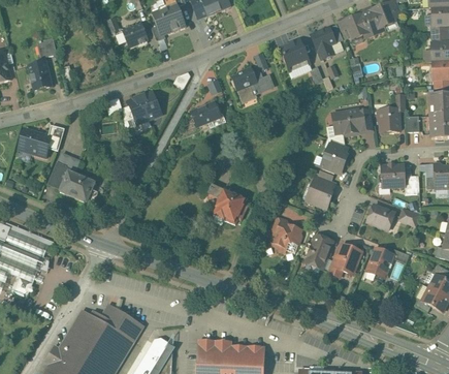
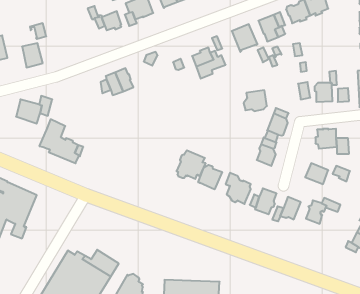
building: [190,101,221,127] -> none
building: [333,110,361,134] -> [244,90,267,111]
building: none -> [198,165,222,189]

